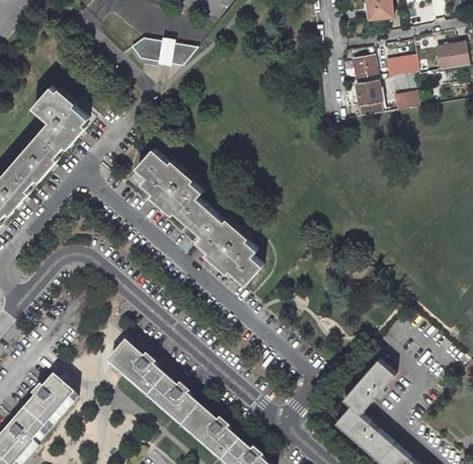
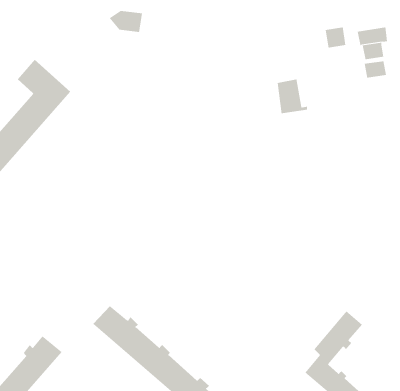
building: [164,40,195,63] -> none
building: [356,77,388,113] -> [277,79,308,114]
building: [135,149,264,286] -> none

